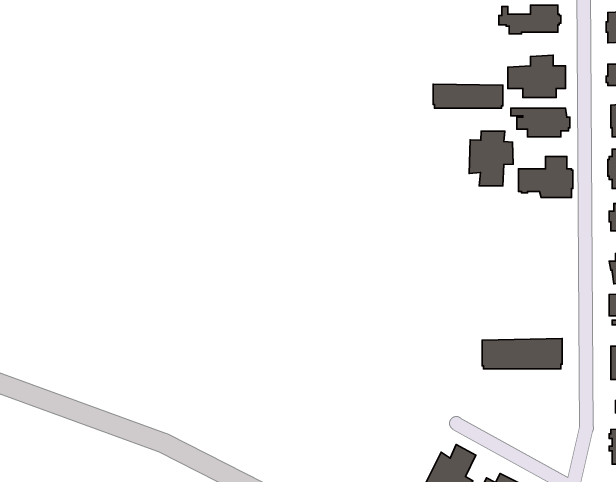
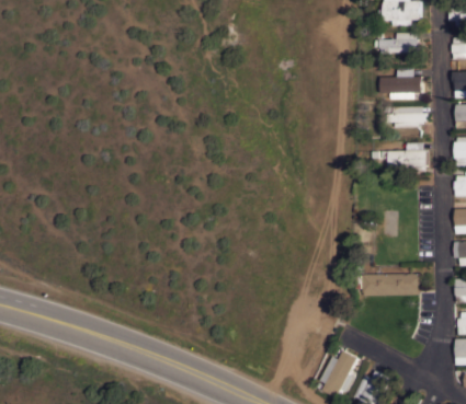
building: [433,84,503,108] -> none
building: [469,131,513,186] -> none

